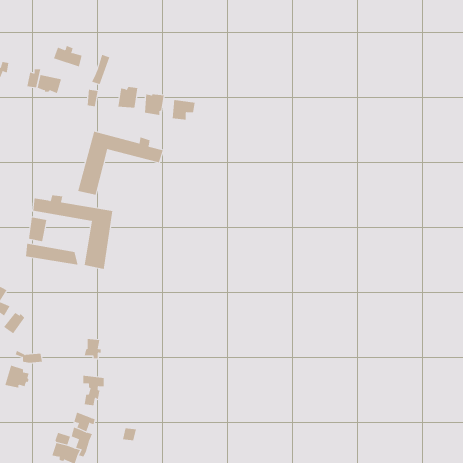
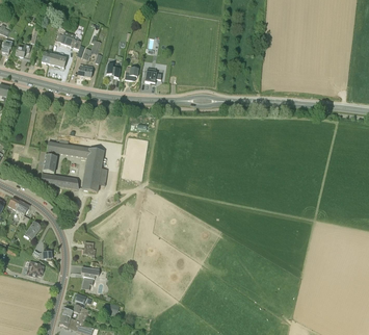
building: [77,131,163,196] -> none

